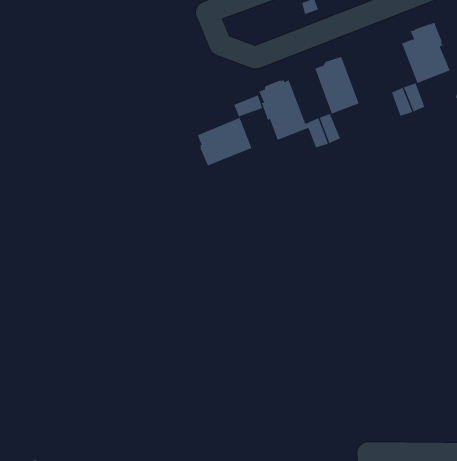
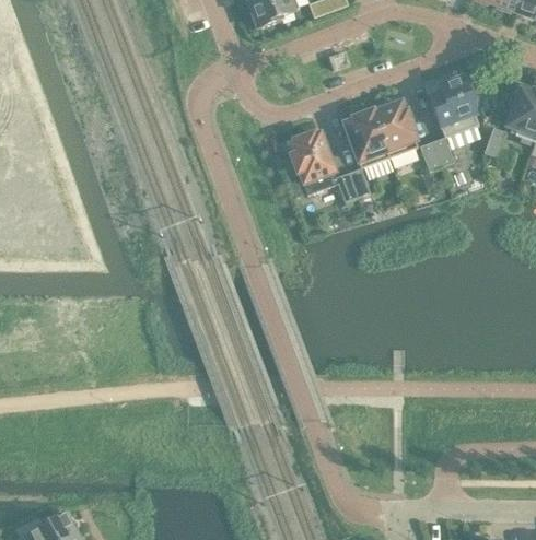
building: none -> [371,99,418,155]
building: [197,95,263,166] -> none

